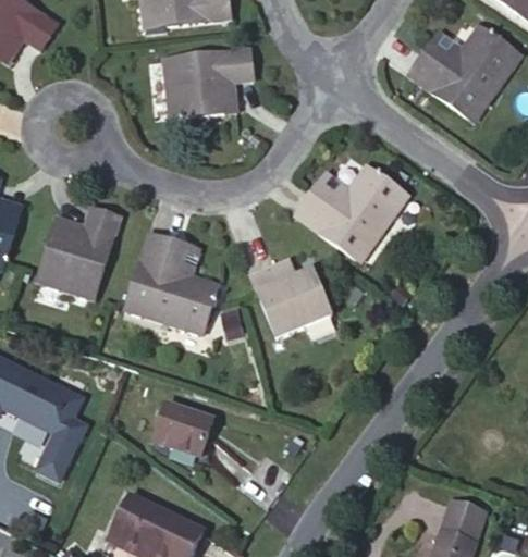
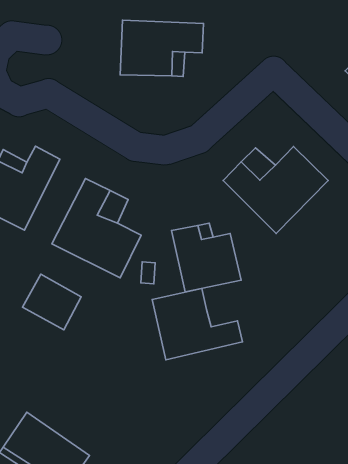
building: none -> [152,288,242,360]
building: [152,401,213,457] -> [23,274,81,330]

